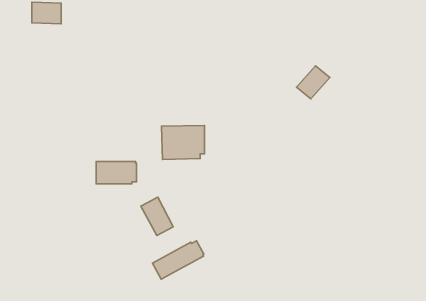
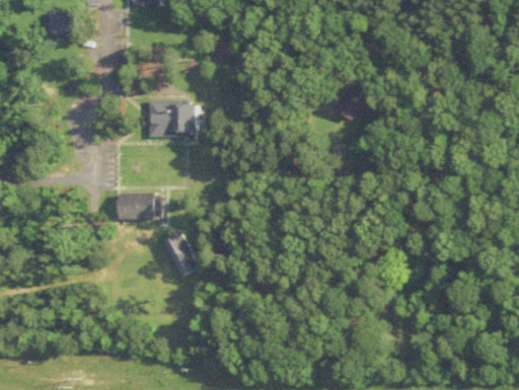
building: [162,125,205,159] -> [146,97,195,136]
building: [152,241,204,279] -> none

